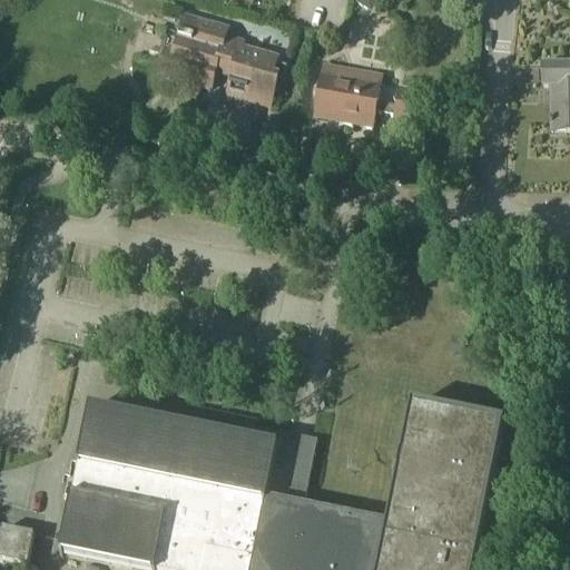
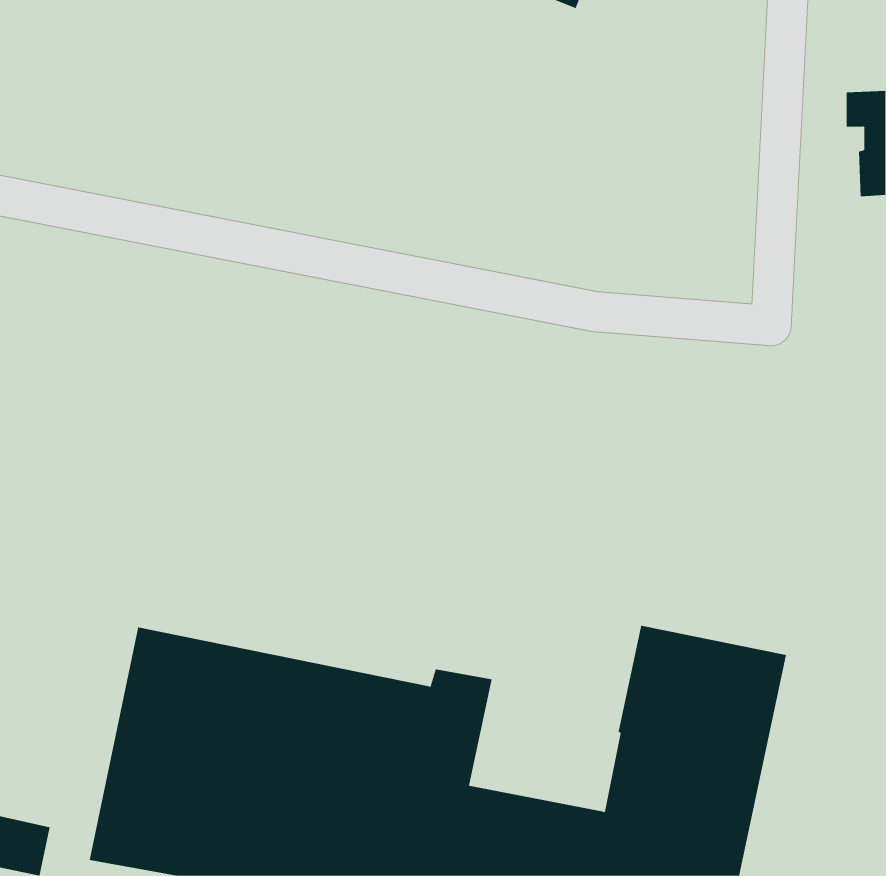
building: [158,11,285,101] -> none
building: [314,70,420,121] -> none

